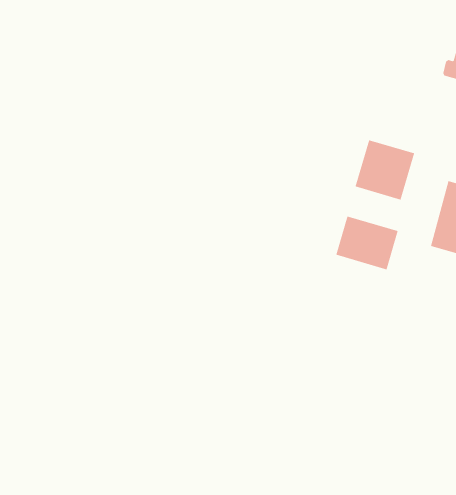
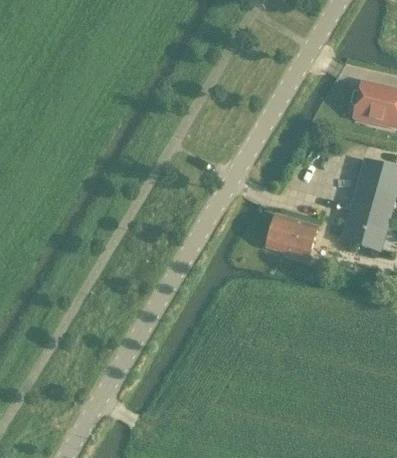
building: [355,139,415,200] -> none

